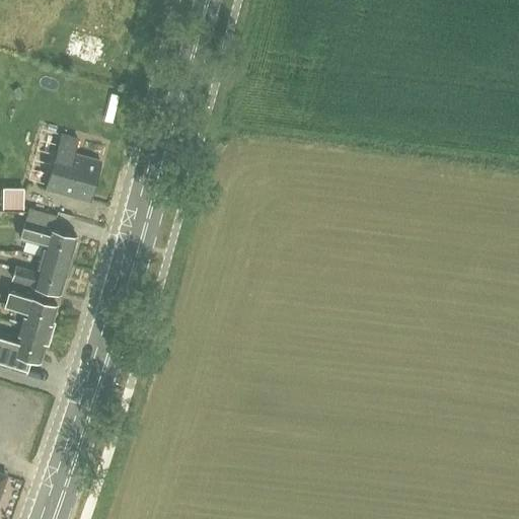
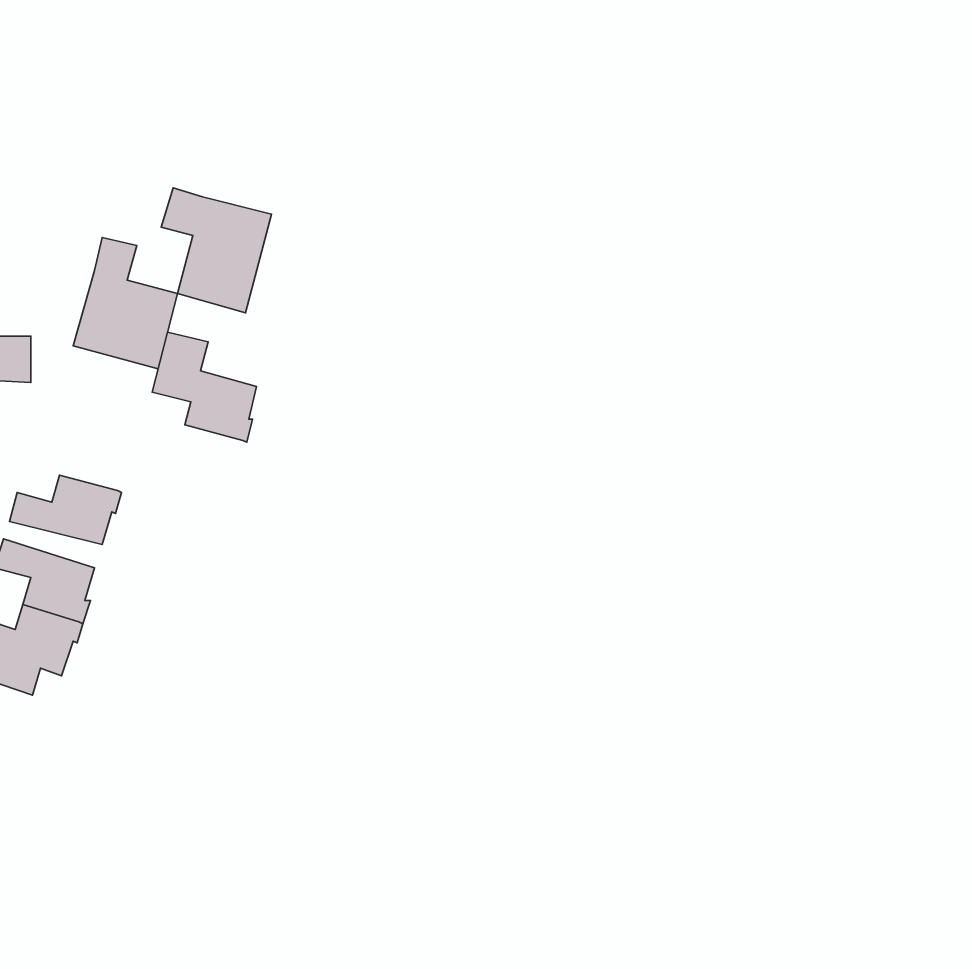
building: none -> [161,188,271,313]
building: [21,209,76,267] -> [152,332,256,442]

